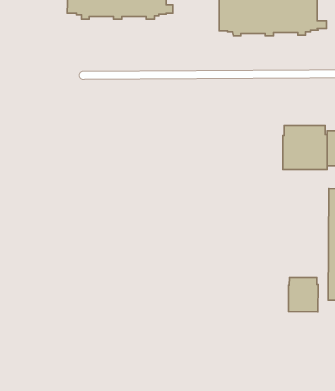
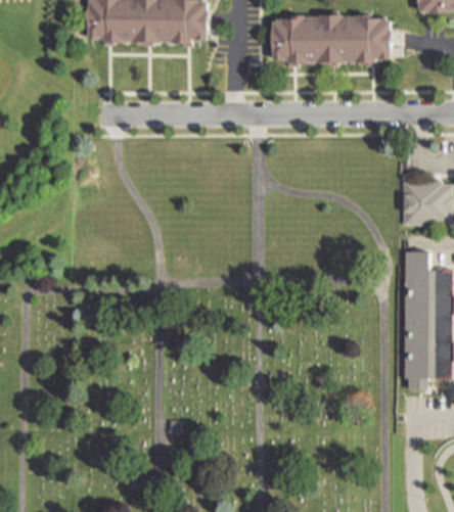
building: [283,126,327,169] -> none
building: [288,277,318,312] -> none

